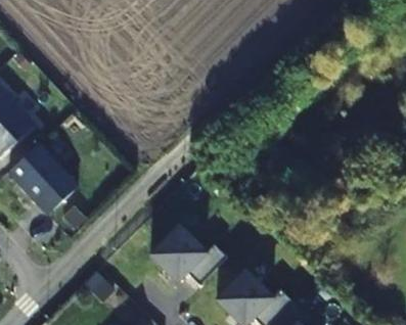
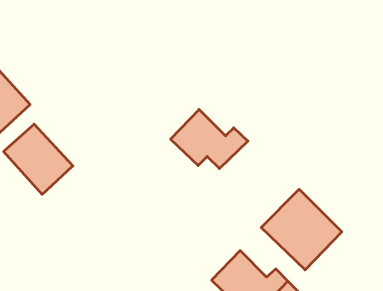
building: none -> [261,189,342,270]
building: [149,226,227,285] -> [171,109,248,169]

